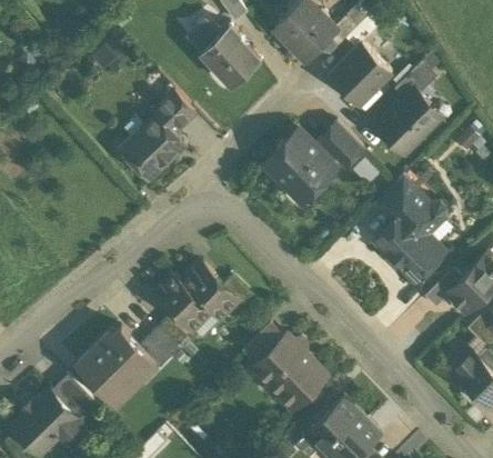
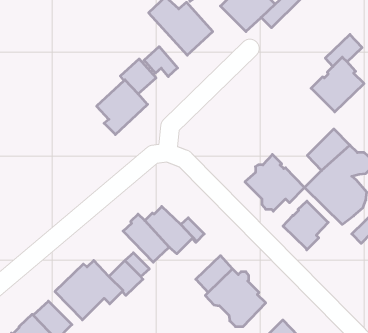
building: [330,43,392,107] -> none
building: none -> [144,47,178,77]
building: [318,122,364,169] -> none
building: [265,131,335,198] -> [245,154,304,211]
building: none -> [283,201,328,250]

